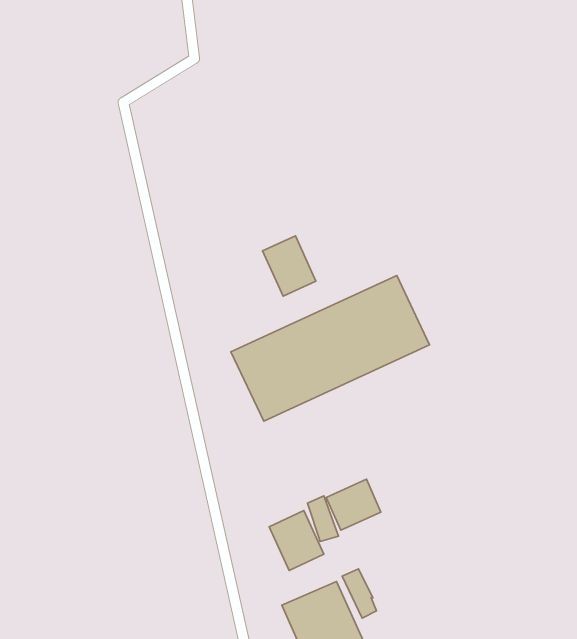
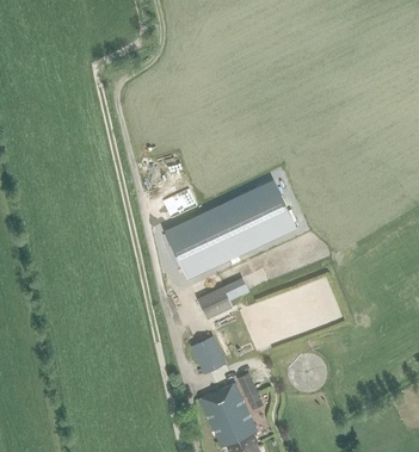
building: [263,236,316,296] -> none
building: [326,479,381,530] -> [197,287,233,321]

